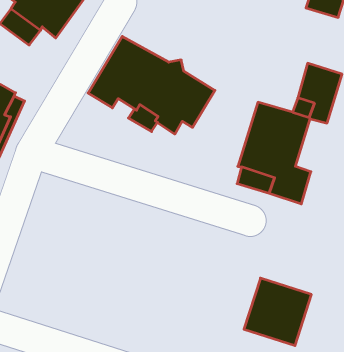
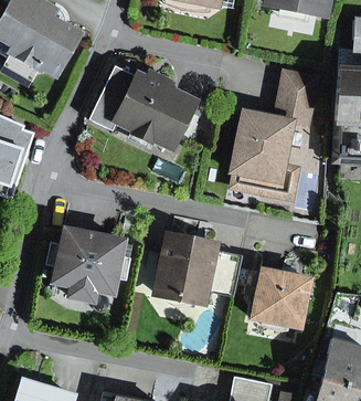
building: none -> [46,230,130,299]
building: none -> [157,235,240,302]

